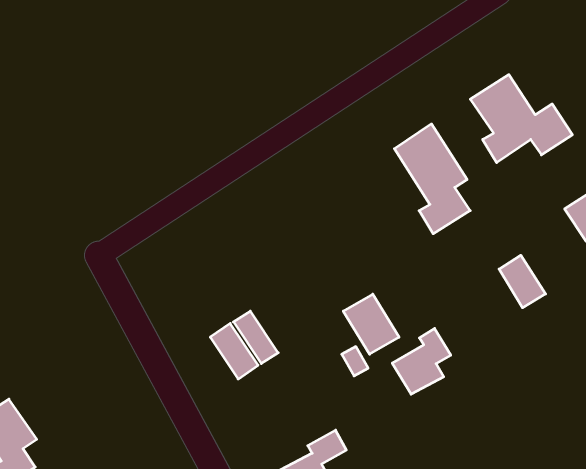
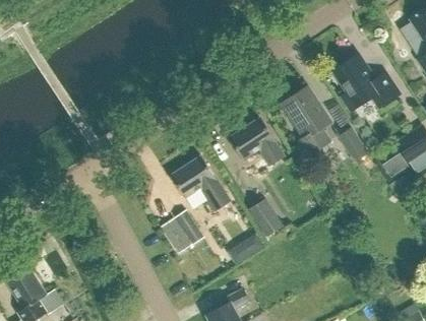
building: none -> [229,118,284,165]
building: none -> [171,156,231,211]
building: [499,255,546,308] -> [338,127,368,162]
building: [392,328,451,394] -> none

